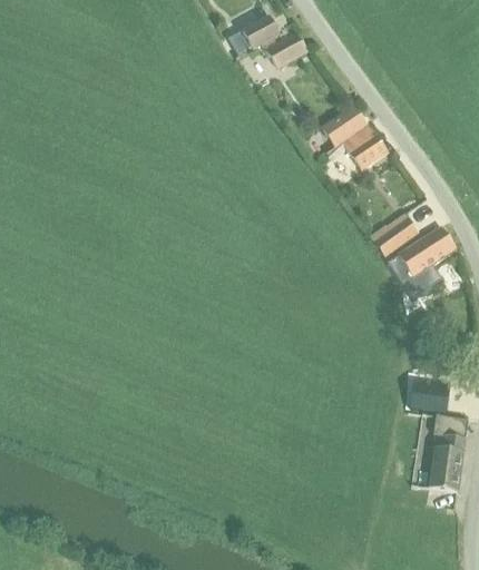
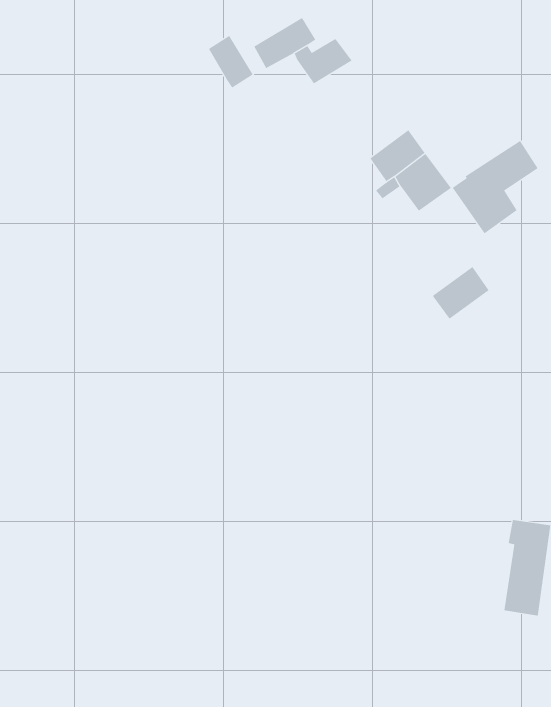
building: none -> [208,35,253,89]
building: [387,225,456,299] -> [452,140,539,234]
building: [411,381,451,413] -> none

